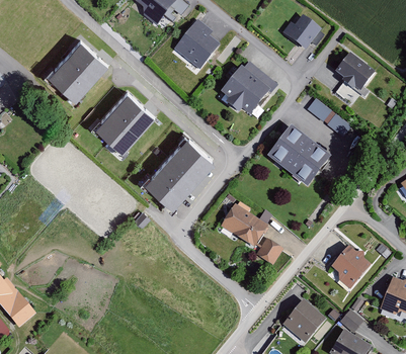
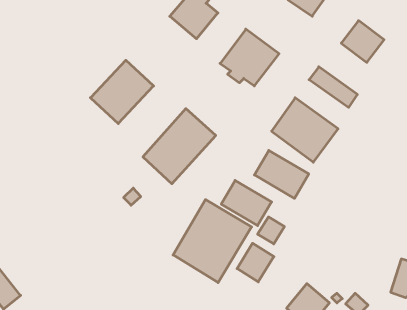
building: [52,38,110,98] -> none
building: none -> [254,150,309,198]
building: none -> [173,200,252,283]
building: [330,247,370,289] -> none
building: none -> [237,243,274,282]

